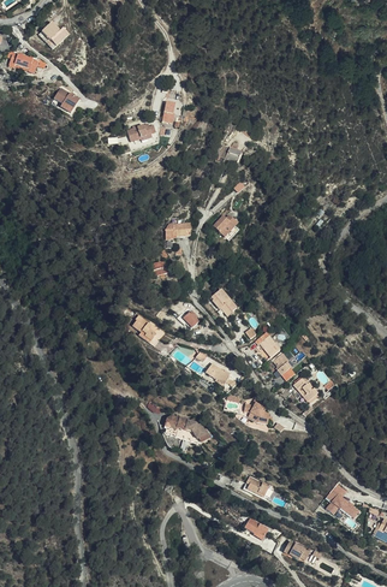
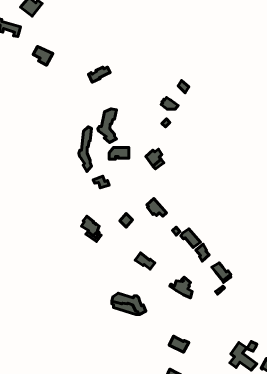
building: none -> [98,109,117,143]
building: none -> [79,127,92,171]

